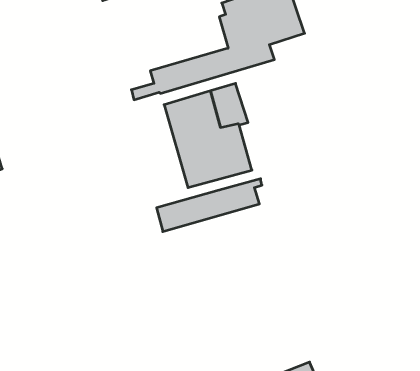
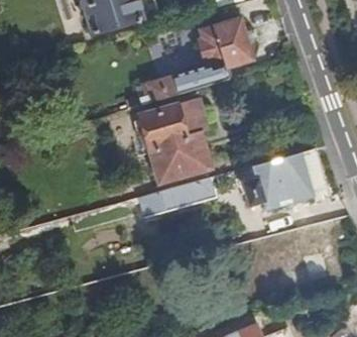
building: none -> [245,149,322,210]

